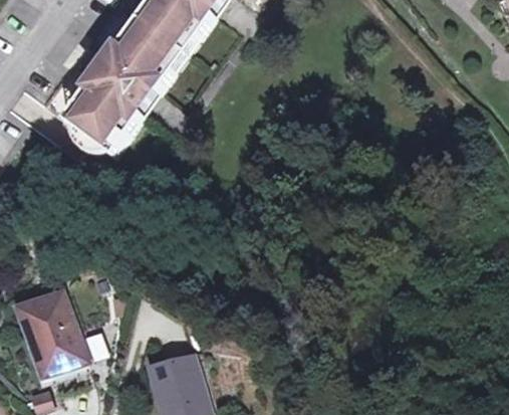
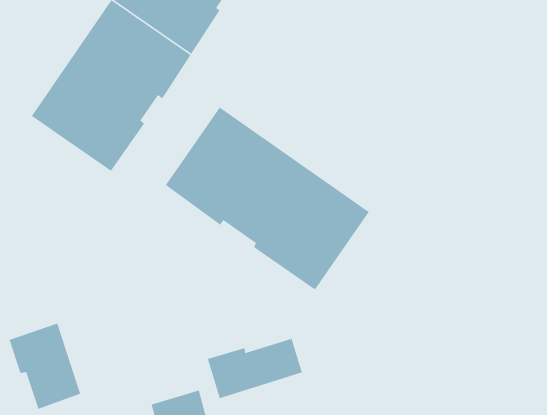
building: none -> [165,106,370,291]
building: none -> [207,338,303,399]

